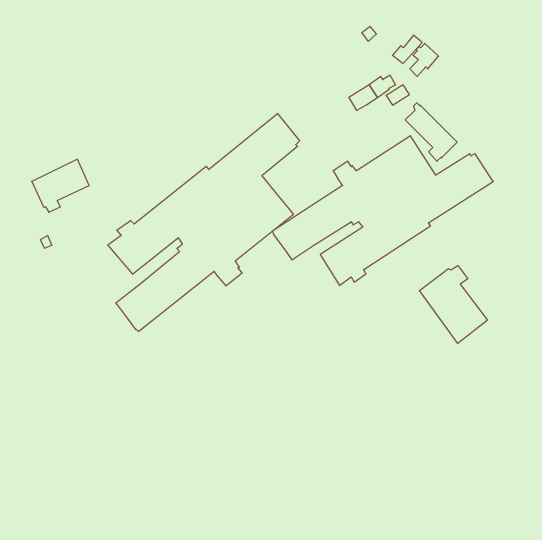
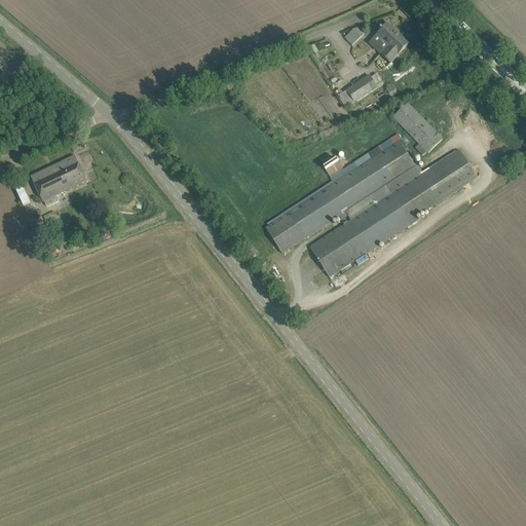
building: [410,43,439,76] -> [373,22,401,53]
building: [108,114,300,332] -> none
building: [419,266,487,343] -> none

